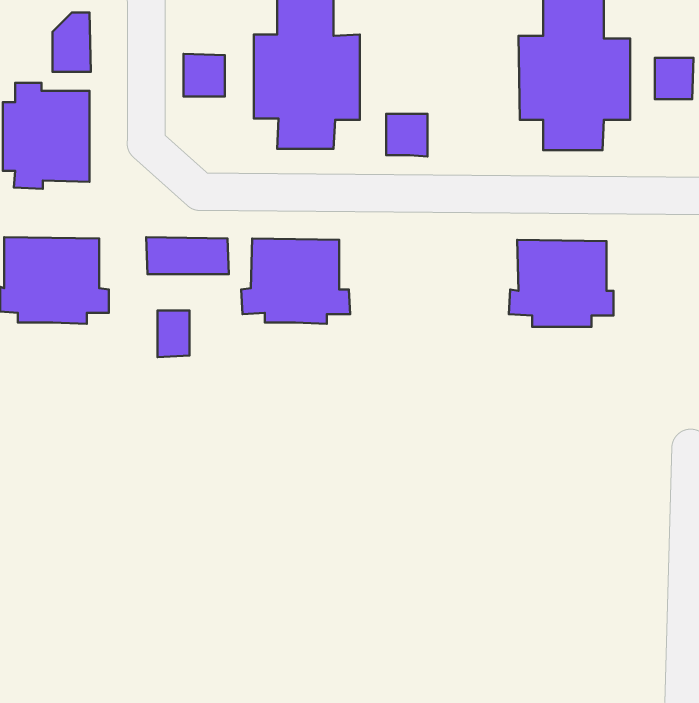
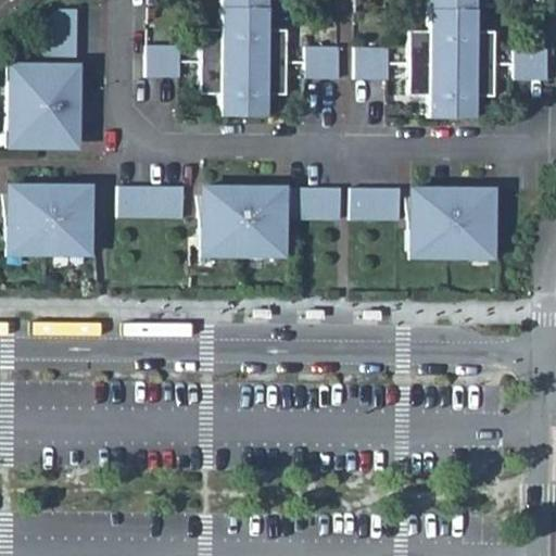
building: none -> [358,45,392,78]
building: [386,114,427,156] -> [311,45,343,78]
building: none -> [289,189,336,216]
building: none -> [348,189,395,216]
building: [158,310,189,357] -> none

